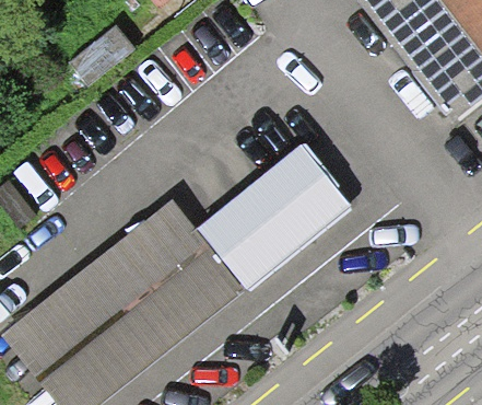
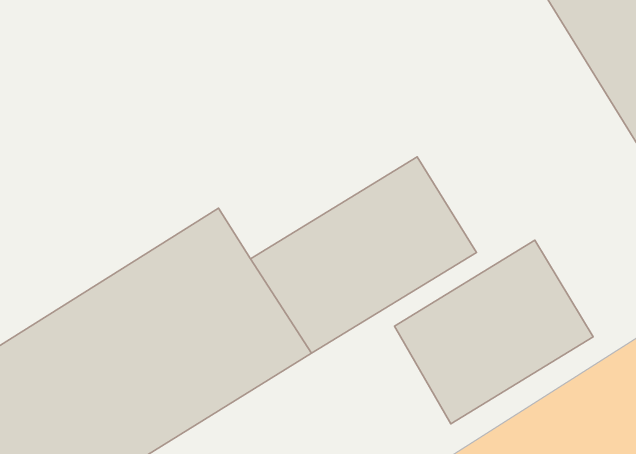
building: none -> [394,240,593,424]

